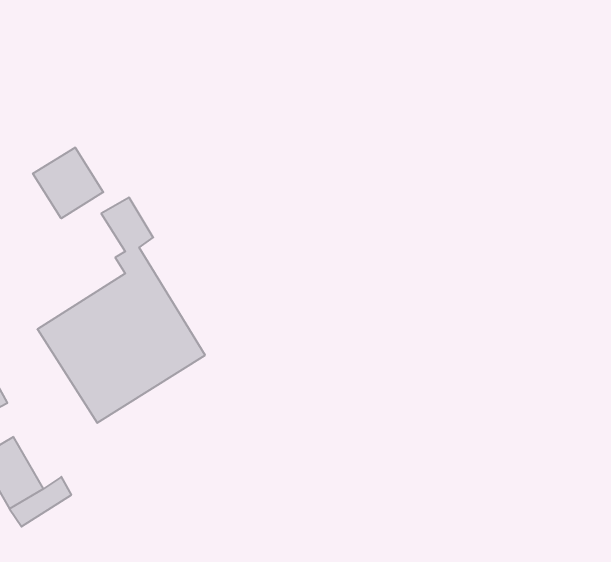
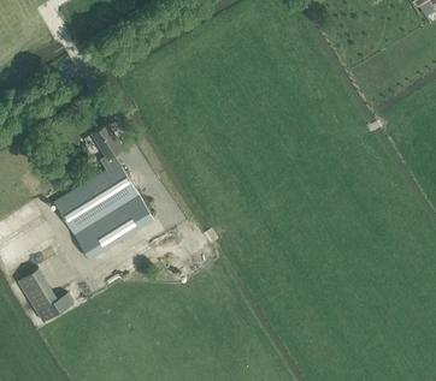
building: [33,147,103,218] -> none

